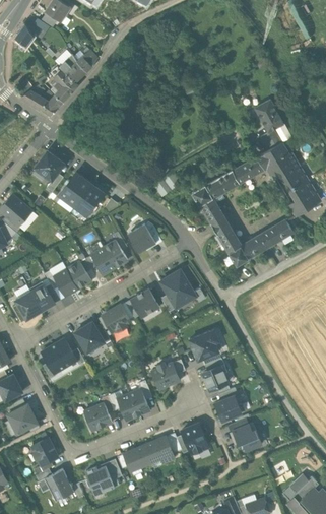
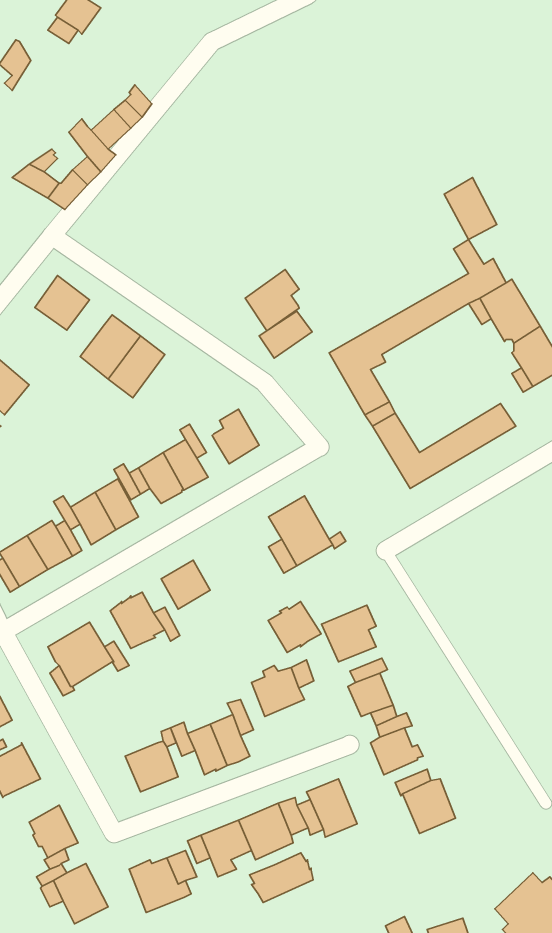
building: none -> [245,269,299,331]
building: [131,290,159,317] -> [268,602,321,653]
building: none -> [250,853,313,903]

